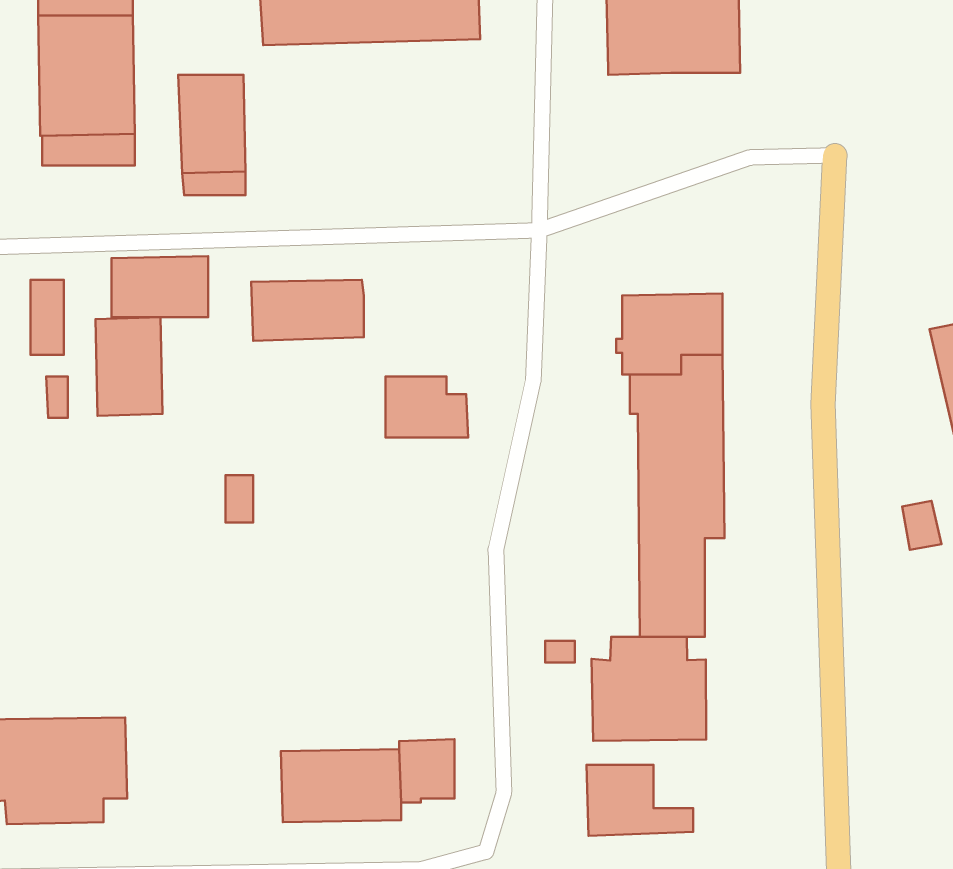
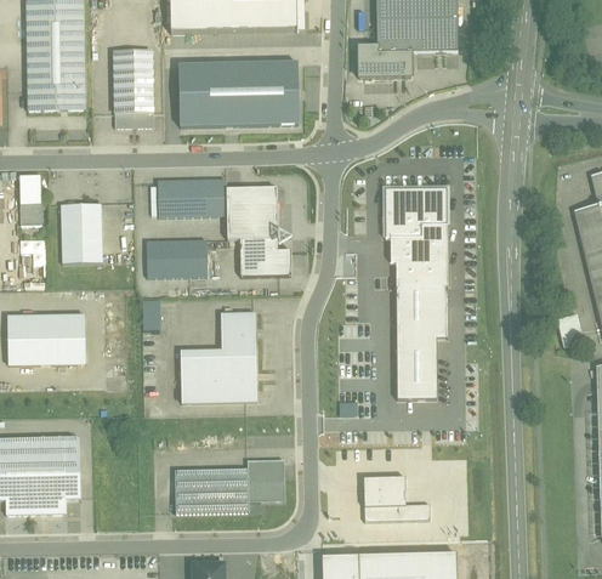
building: none -> [358,47,415,80]
building: none -> [178,61,297,125]
building: [111,256,208,317] -> [148,239,208,277]
building: none -> [226,186,277,238]
building: none -> [180,311,256,401]
building: none -> [8,316,85,367]
building: [591,637,706,741] -> none

